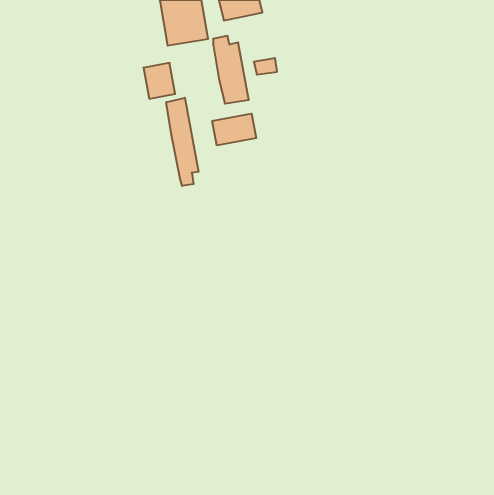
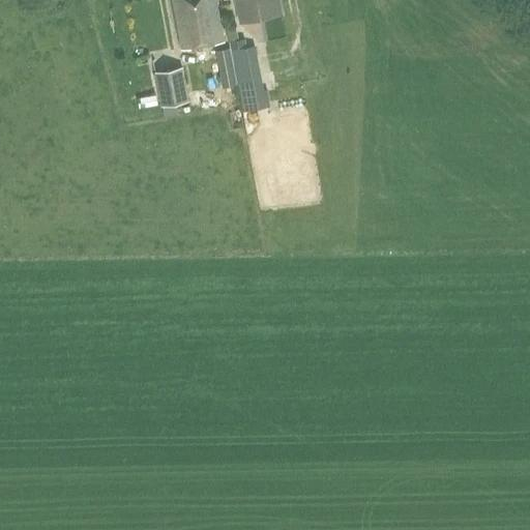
building: [166,98,199,186] -> none
building: [212,114,256,145] -> none

